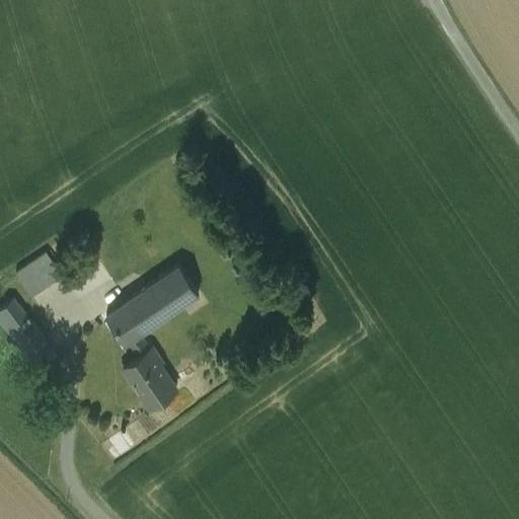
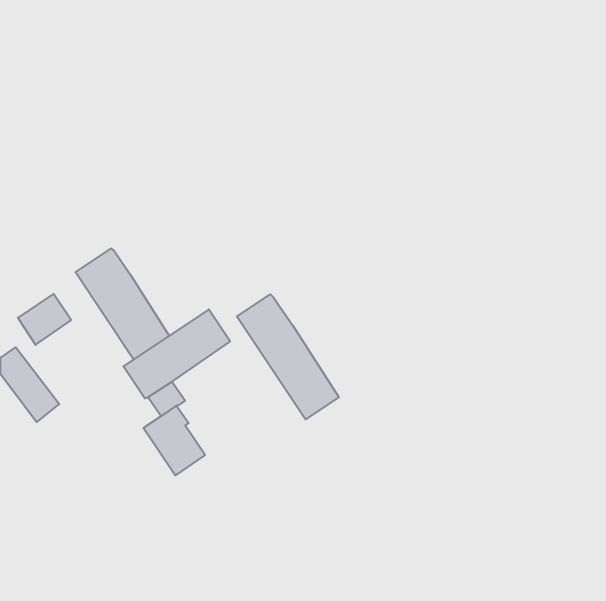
building: none -> [75,248,169,359]
building: none -> [237,294,339,419]

